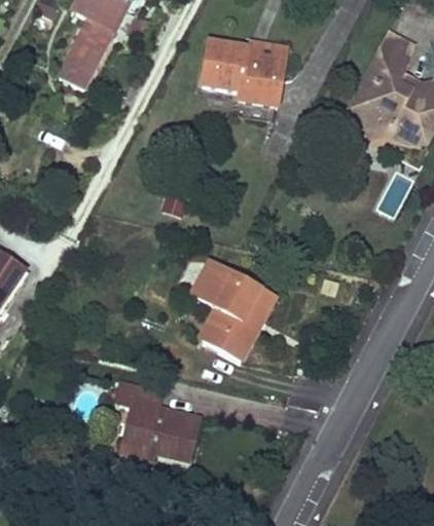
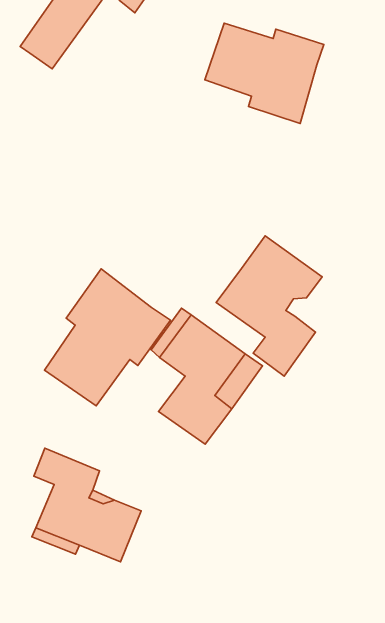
building: none -> [216,236,322,376]
building: none -> [45,269,170,406]

